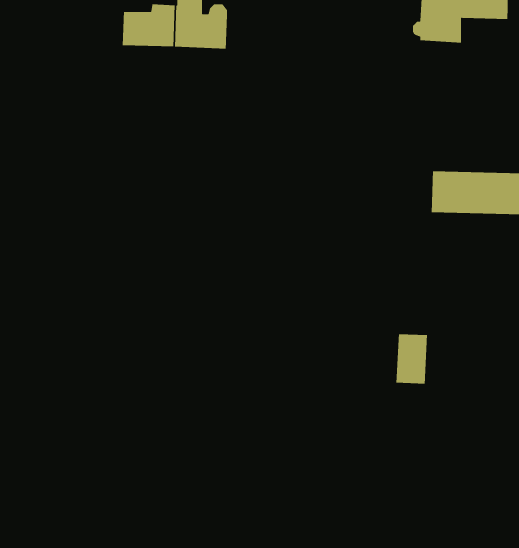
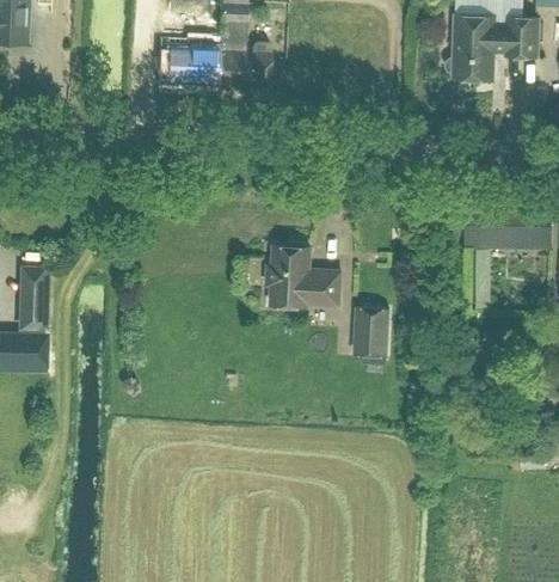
building: none -> [265,244,339,308]
building: [396,333,428,384] -> [357,310,388,359]

